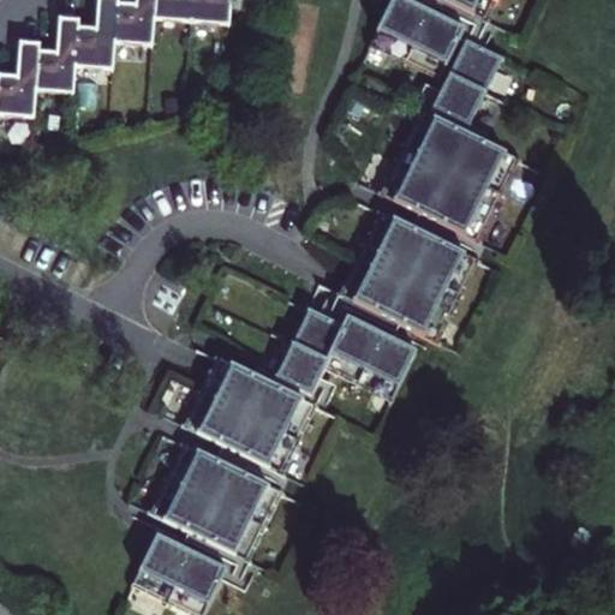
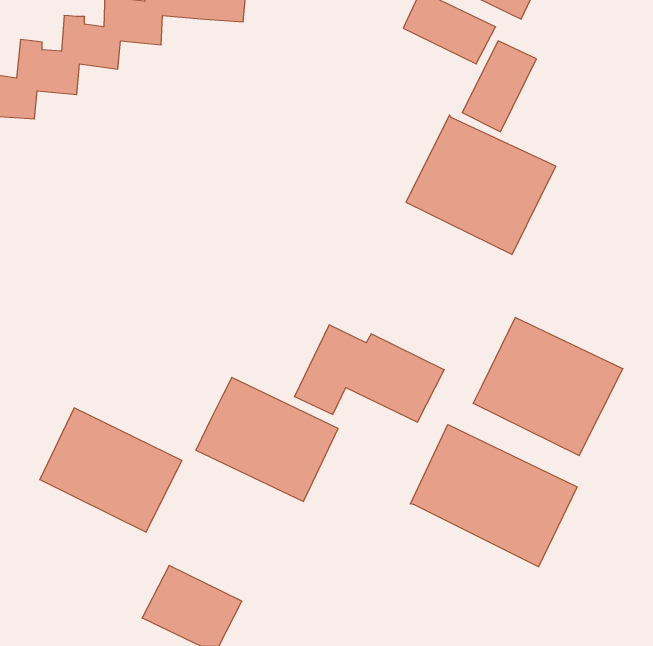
building: [340,209,480,339] -> [473,318,623,456]
building: none -> [410,425,577,567]
building: [150,440,283,556] -> [40,408,182,532]

